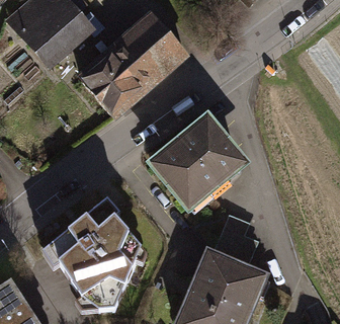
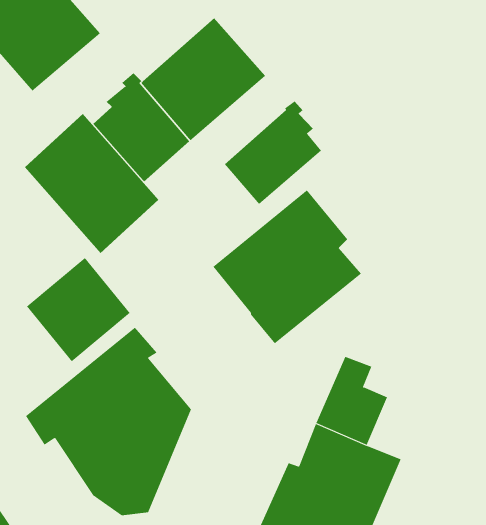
building: none -> [224,100,322,205]
building: none -> [24,113,159,254]
building: none -> [26,257,131,362]

